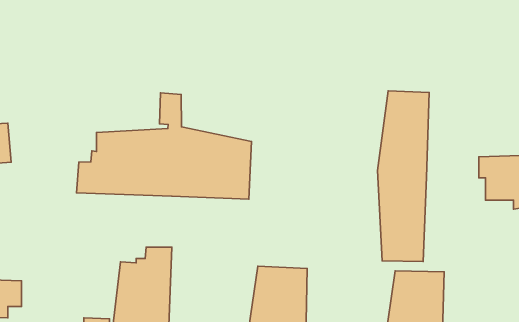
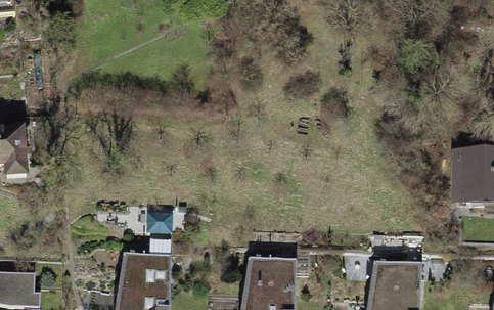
building: [378,91,429,261] -> none
building: [77,93,251,199] -> none

